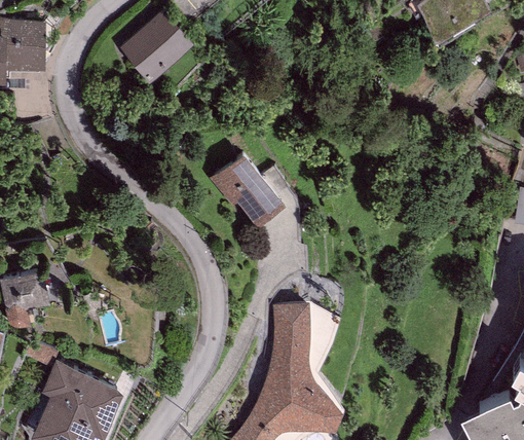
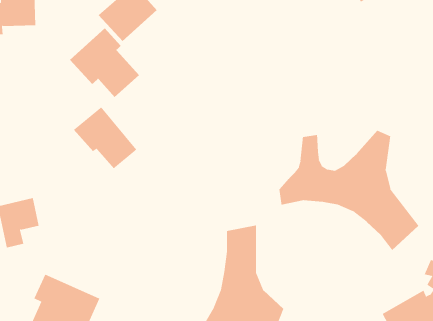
building: none -> [69,28,140,98]
building: [209,152,286,227] -> [73,107,137,169]
building: none -> [279,130,419,251]

